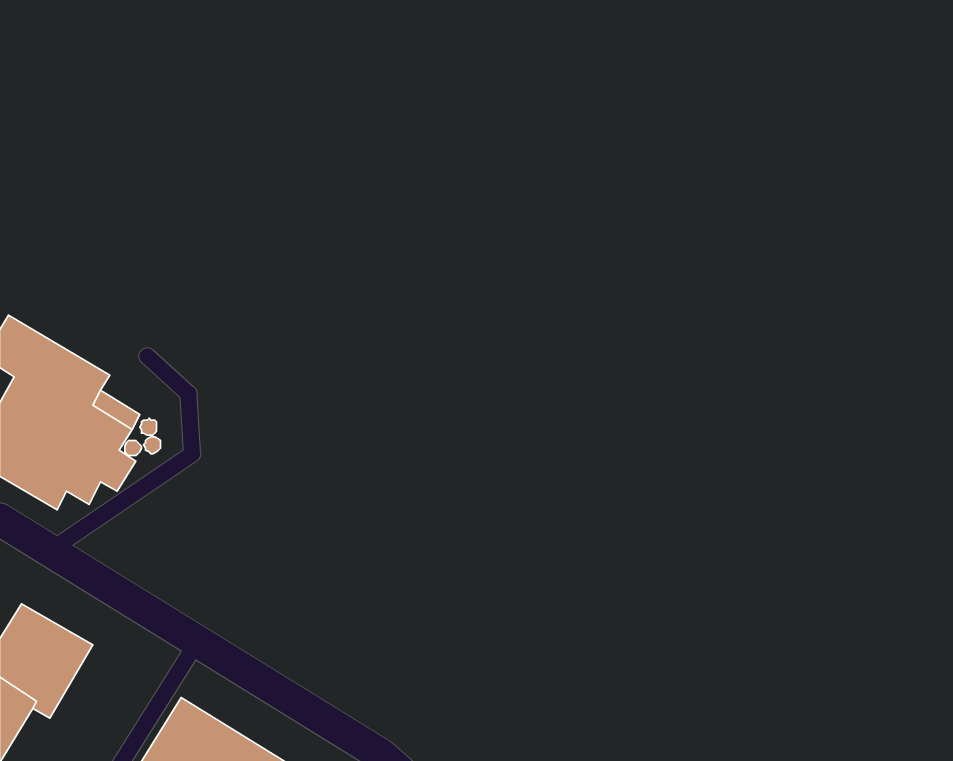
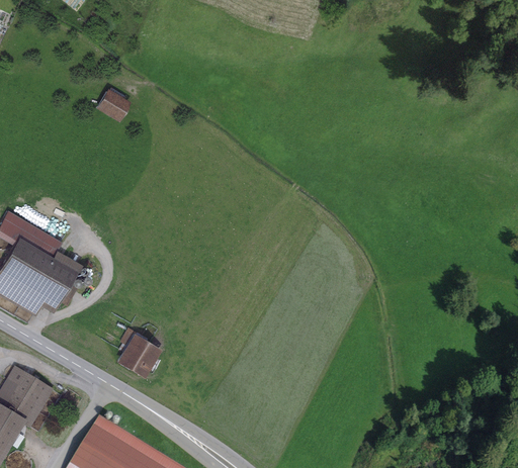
building: none -> [95,88,128,120]
building: none -> [115,326,160,377]

